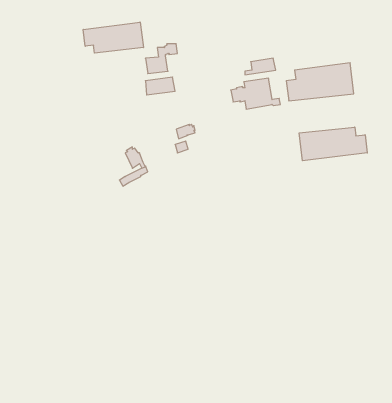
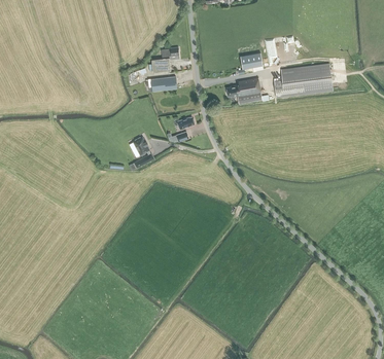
building: [83,22,143,53] -> none
building: [299,127,367,161] -> none

